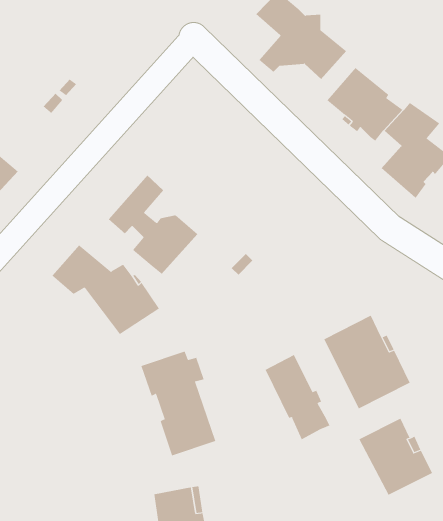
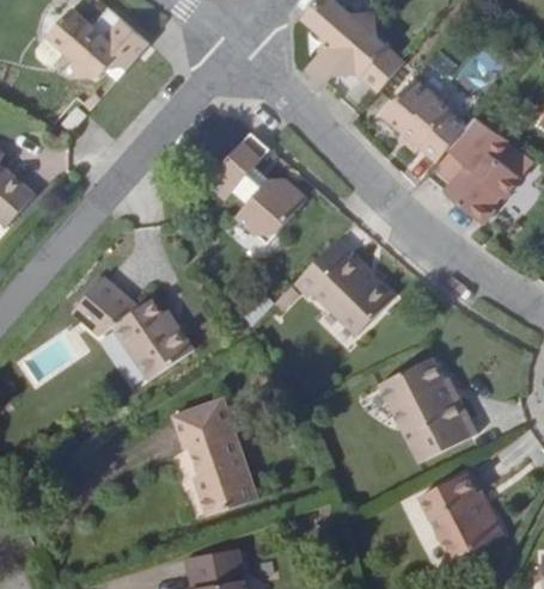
building: none -> [35,7,148,79]
building: [108,175,198,274] -> [206,131,307,244]
building: none -> [295,240,393,335]
building: [265,354,330,440] -> none

